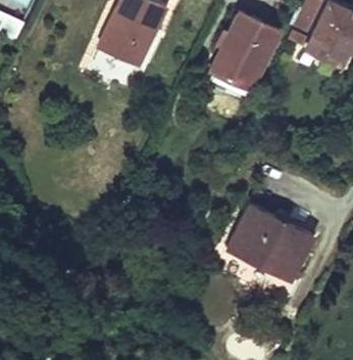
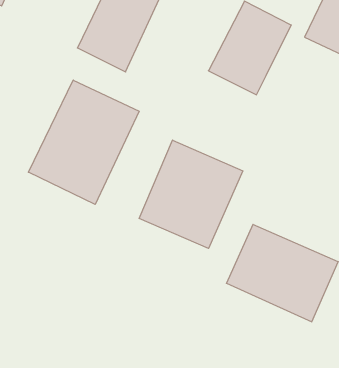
building: none -> [28,80,139,204]
building: none -> [139,140,243,248]

